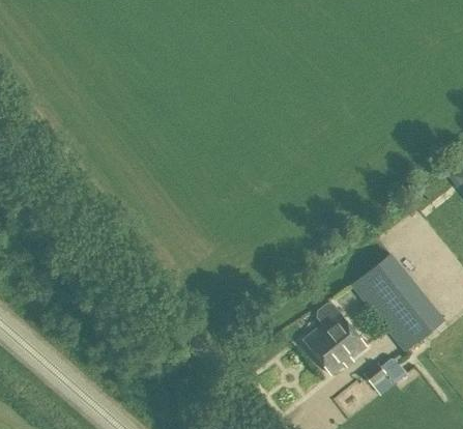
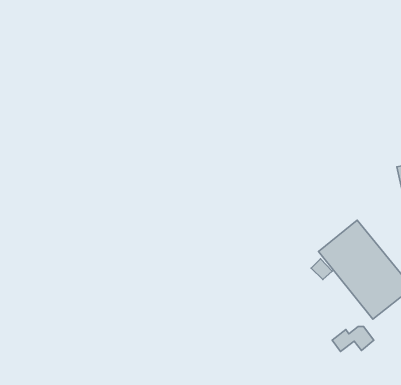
building: [303,305,367,375] -> none

